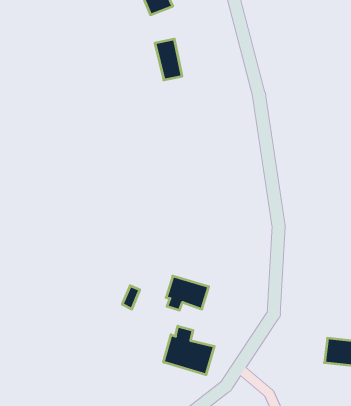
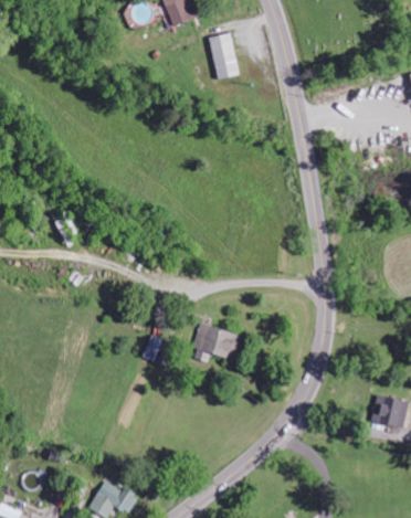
building: [155,39,182,80] -> [209,33,240,80]
building: [164,326,214,375] -> none

